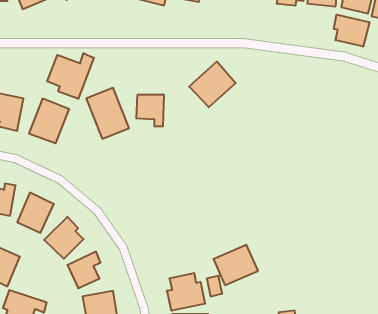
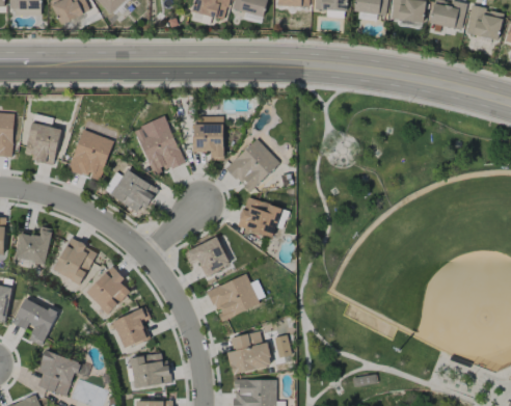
building: [334,15,369,47] -> none
building: [47,53,94,99] -> none
building: [189,62,236,107] -> [225,139,279,192]
building: none -> [110,169,159,212]
building: none -> [238,197,281,237]
building: none -> [185,238,230,276]
building: [213,245,258,285] -> [208,274,260,321]

